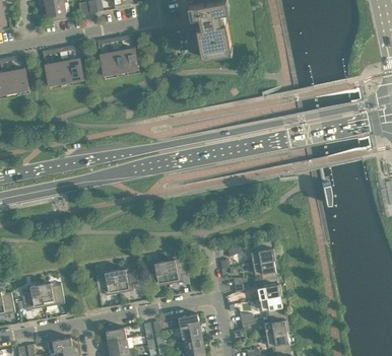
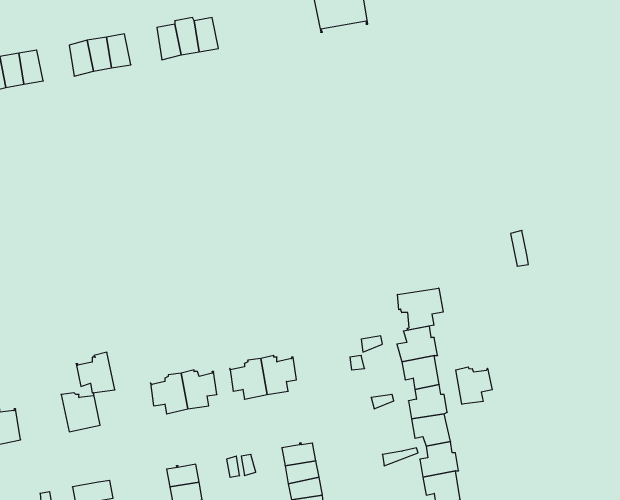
building: none -> [398,288,443,330]
building: none -> [456,367,492,404]
building: [20,283,45,308] -> [76,352,115,393]

